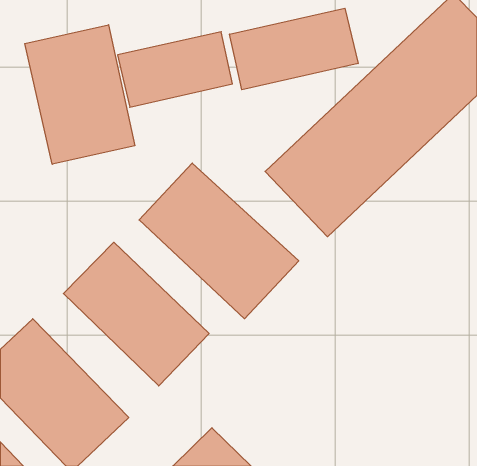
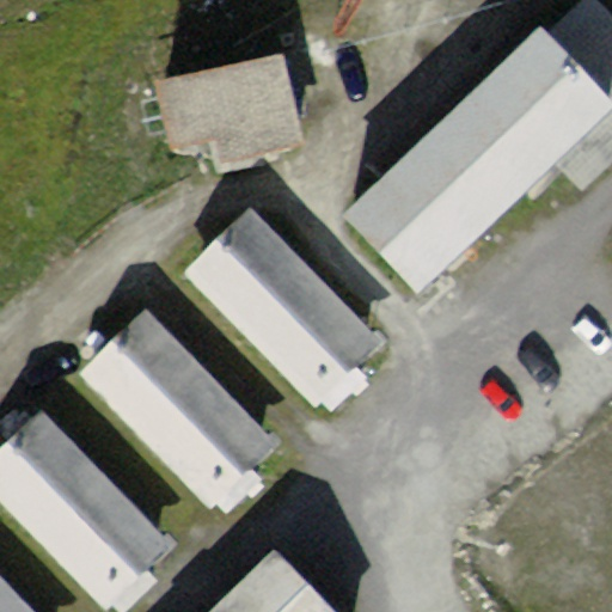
building: [230,8,358,90] -> none
building: [25,25,135,164] -> none

